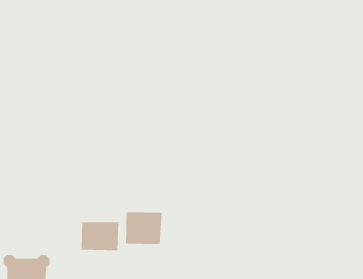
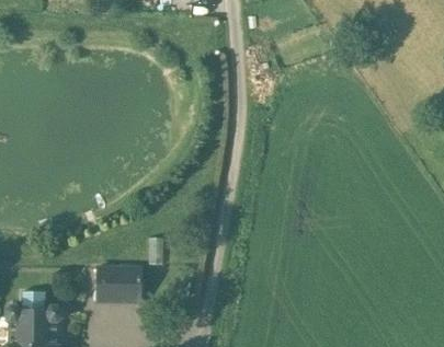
building: [125,212,162,245] -> none

